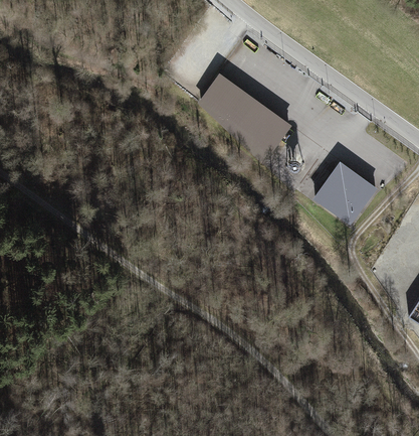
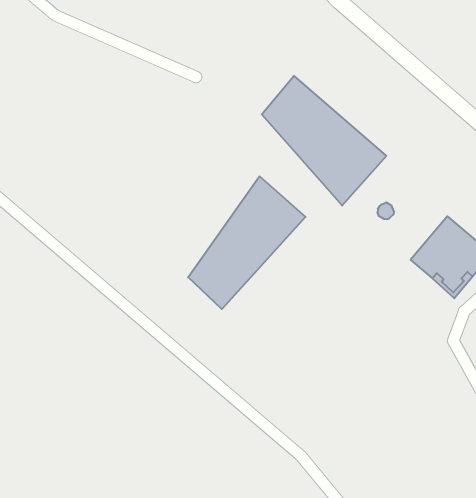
building: none -> [188,176,306,309]

